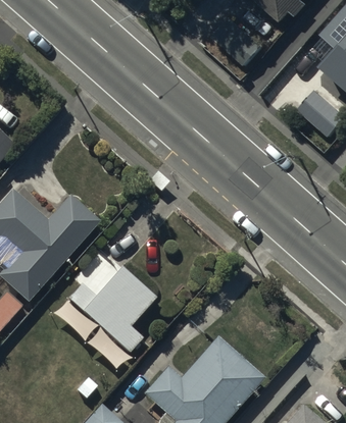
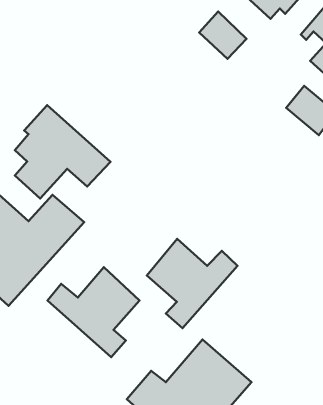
building: none -> [15,105,110,198]
building: none -> [147,239,238,328]

